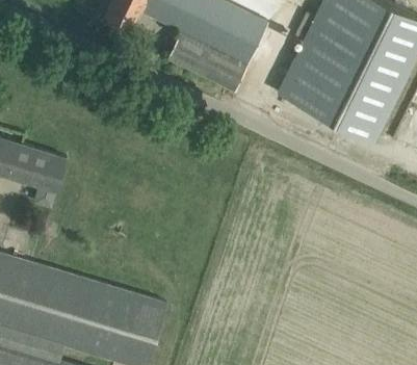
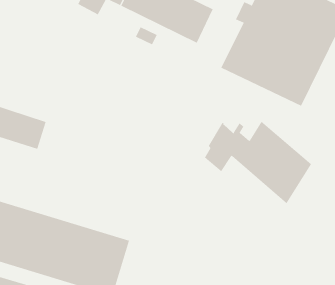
building: [194,45,247,90] -> none
building: none -> [204,121,312,204]

